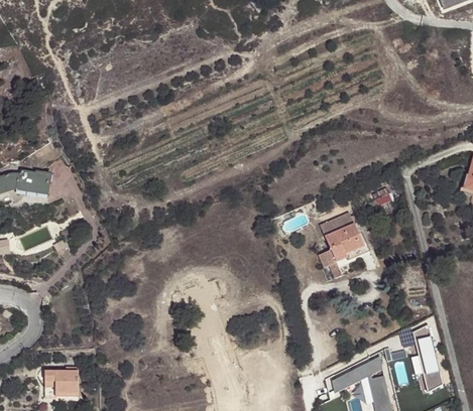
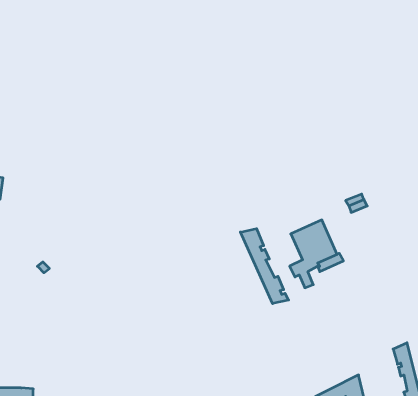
building: none -> [240,229,289,304]

